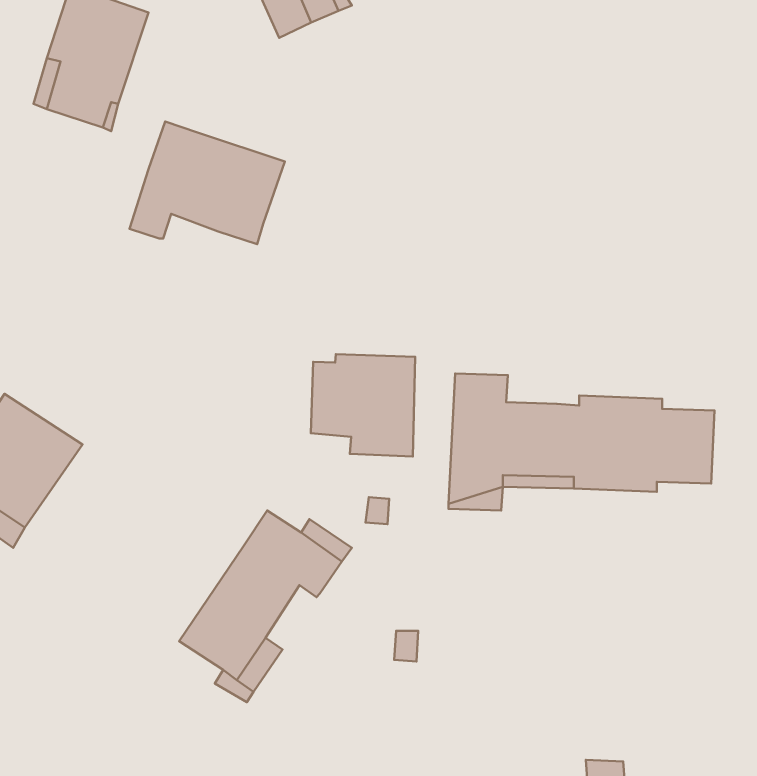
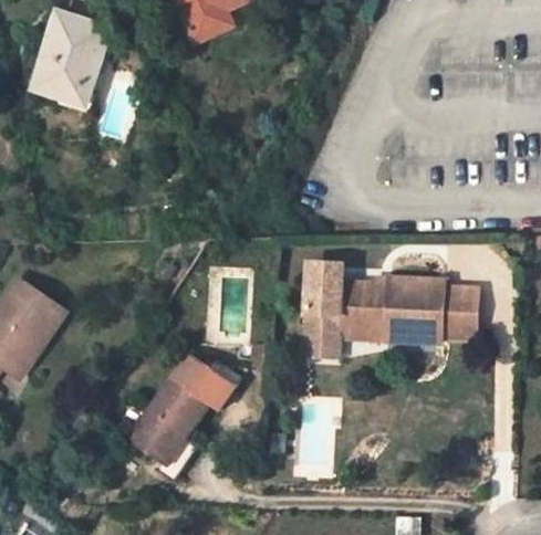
building: [130,121,285,244] -> none
building: [311,354,415,456] -> none

